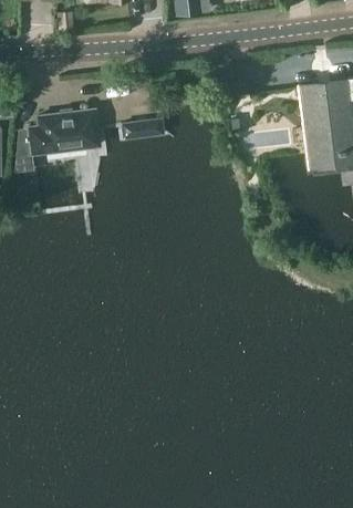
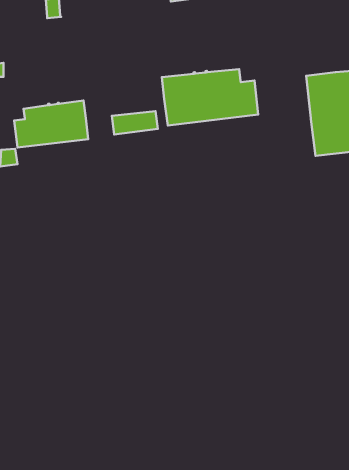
building: none -> [162,69,258,126]

